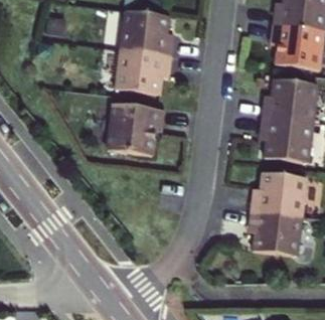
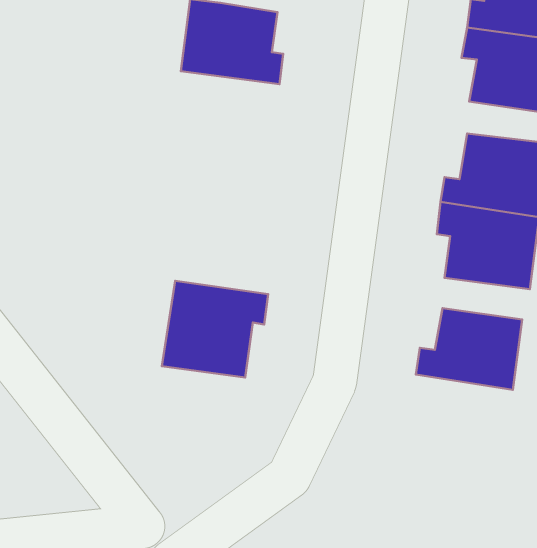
building: [115,44,172,89] -> none
building: [107,99,163,150] -> [162,281,268,378]
building: [242,205,296,253] -> none

